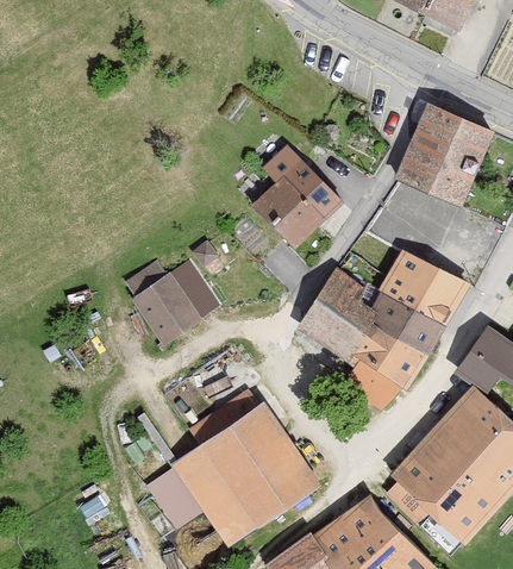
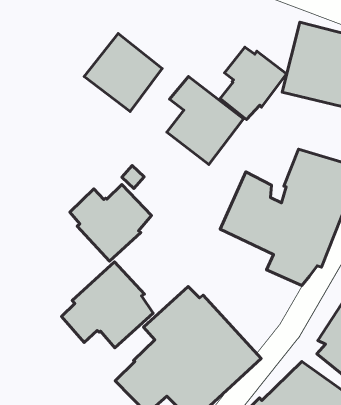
building: none -> [84,33,162,112]
building: none -> [220,47,286,120]
building: none -> [62,262,153,348]

